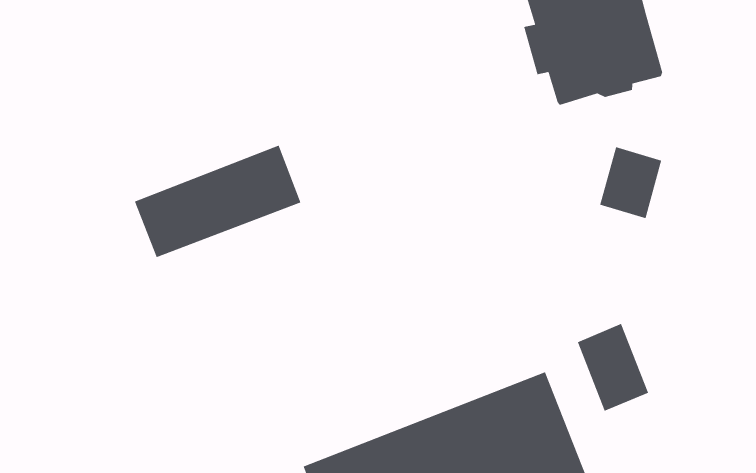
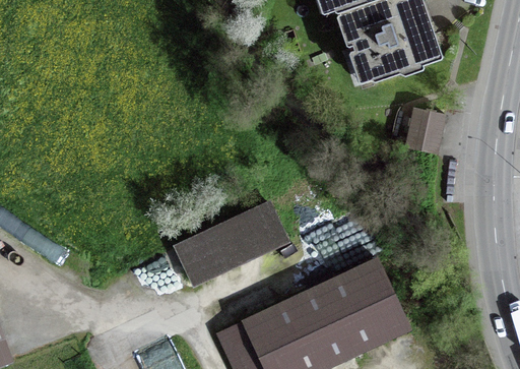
building: [134,144,301,258] -> [175,204,285,285]
building: [577,323,649,412] -> none

